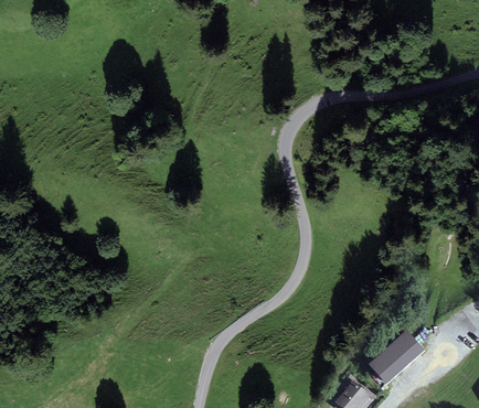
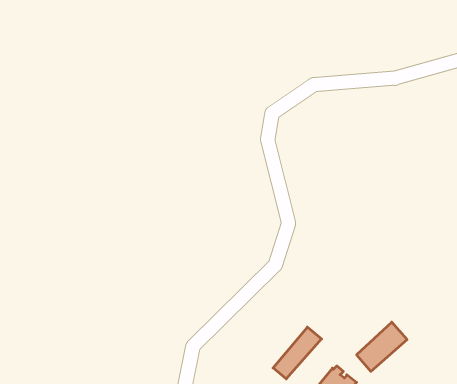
building: none -> [273,327,322,379]

